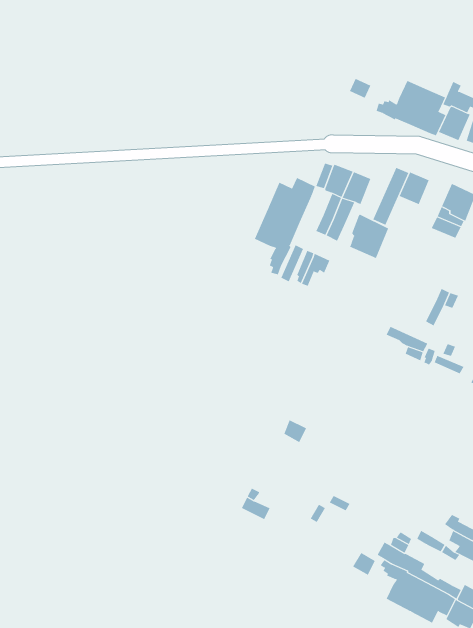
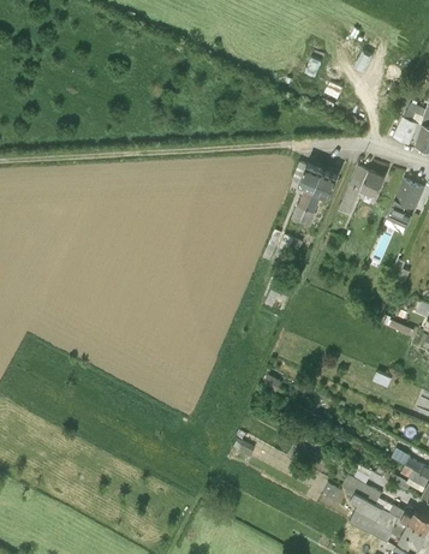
building: [376,80,446,136] -> none
building: [254,177,316,275] -> none
building: [349,214,389,259] -> none

